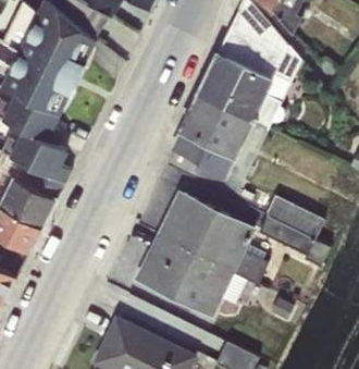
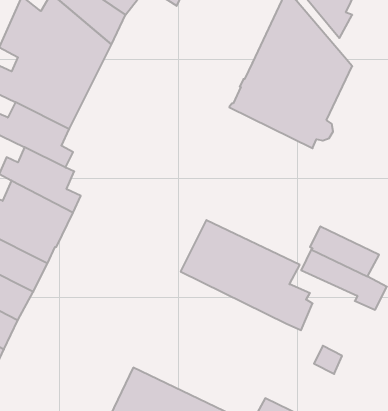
building: [172,94,268,184] -> none
building: [133,233,246,318] -> none

